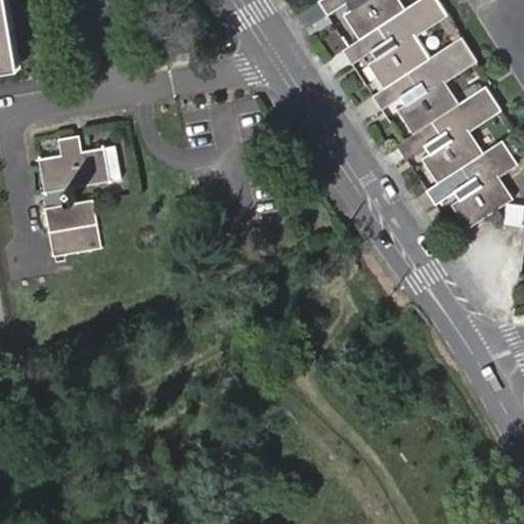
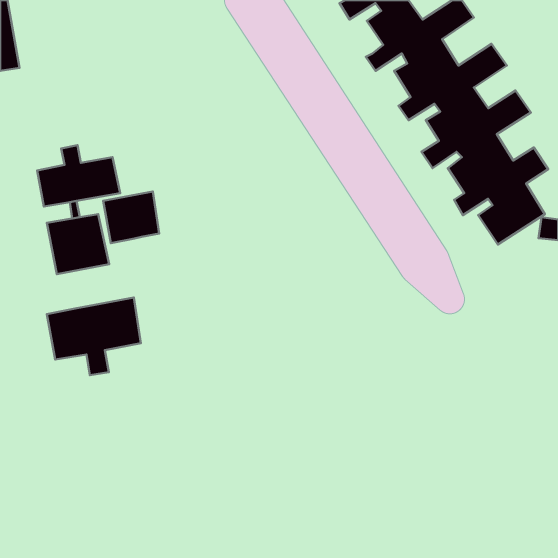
building: none -> [103,192,159,243]
building: none -> [47,297,141,375]

